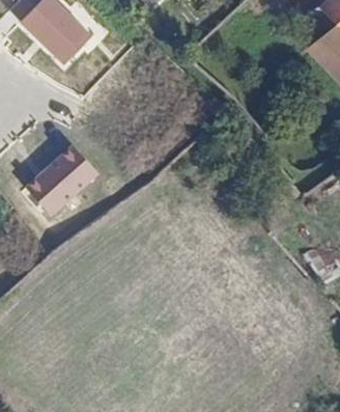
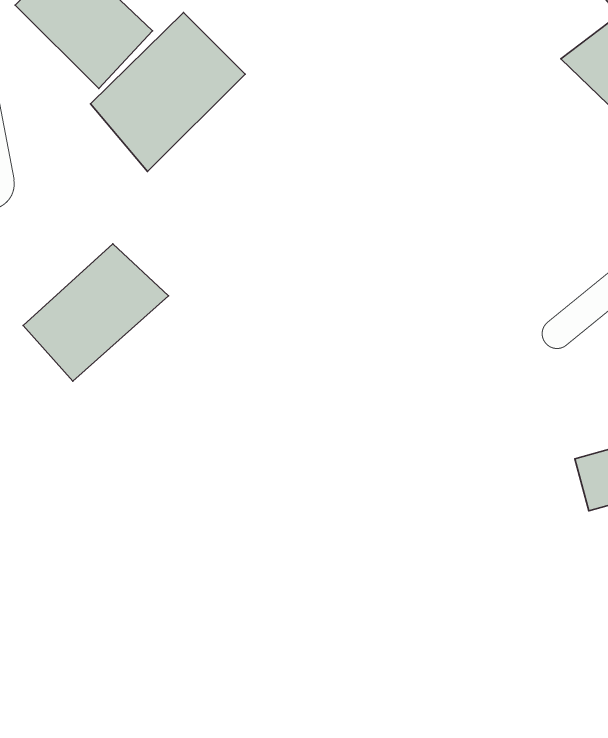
building: none -> [90,13,245,172]

